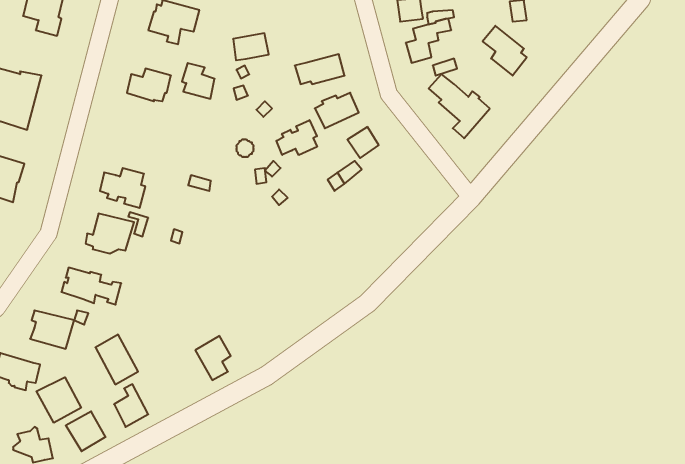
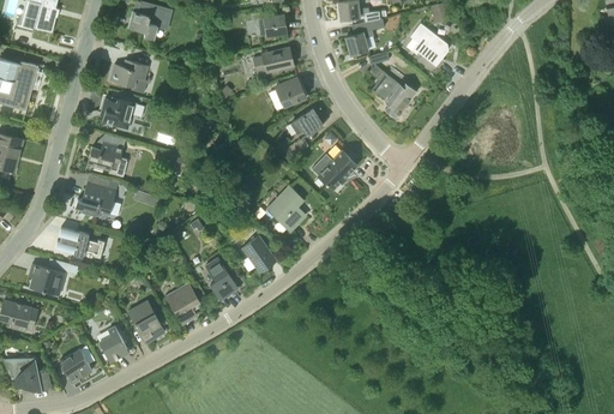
building: [233,33,269,60] -> [257,13,287,36]
building: [182,63,215,99] -> [101,97,128,127]
building: [276,120,317,155] -> none
building: none -> [312,150,356,188]
building: none -> [267,186,305,232]
building: none -> [241,235,277,271]
building: none -> [205,257,237,299]
building: [95,335,138,384] -> [128,300,164,342]
building: [36,377,81,423] -> none

